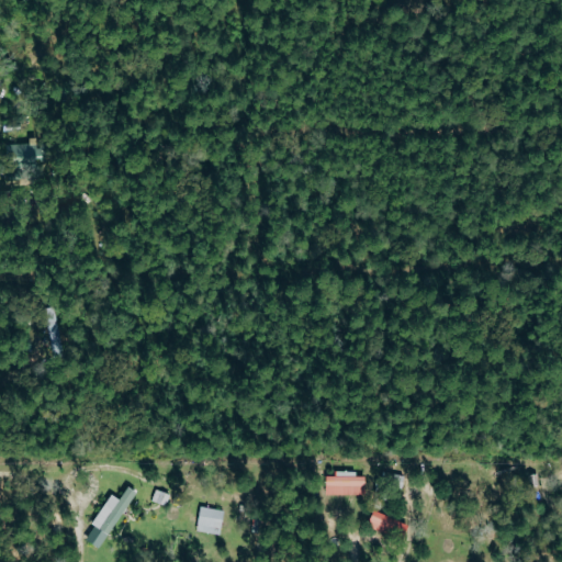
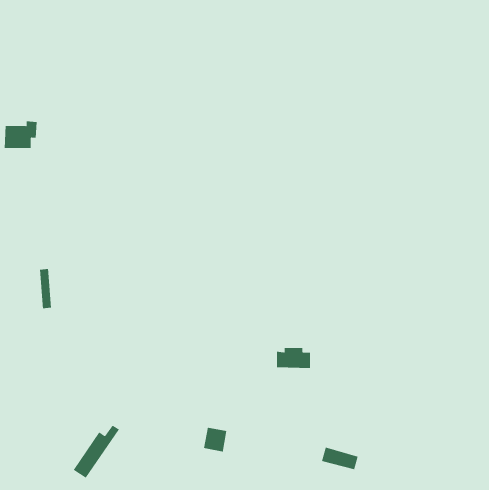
building: [326,471,366,495] -> [276,347,311,368]
building: [196,506,224,535] -> [203,427,227,452]

